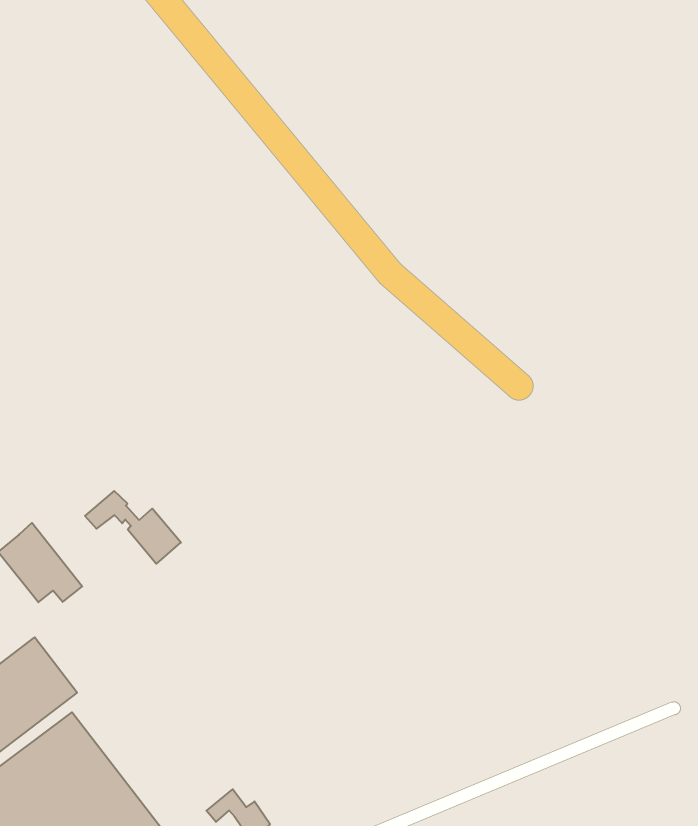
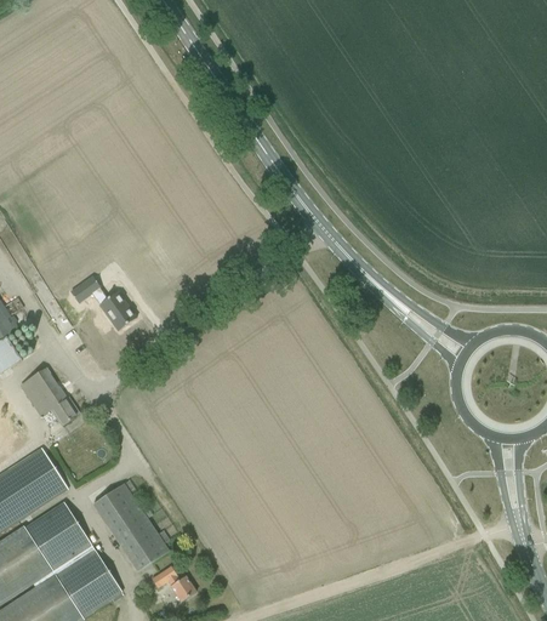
building: [85,491,181,564] -> [70,277,136,330]
building: none -> [92,479,170,571]

